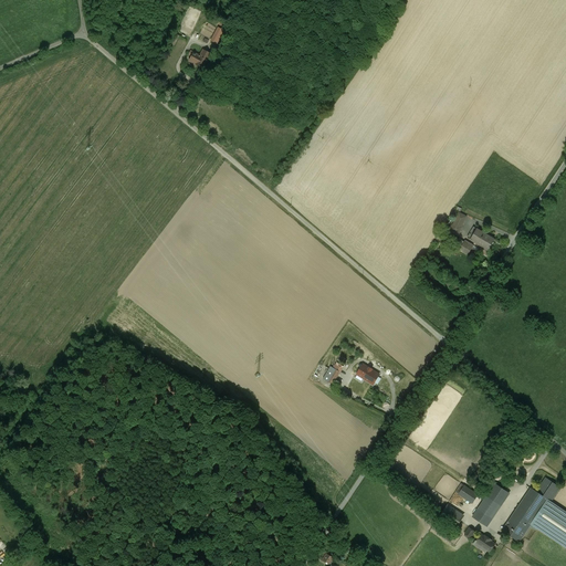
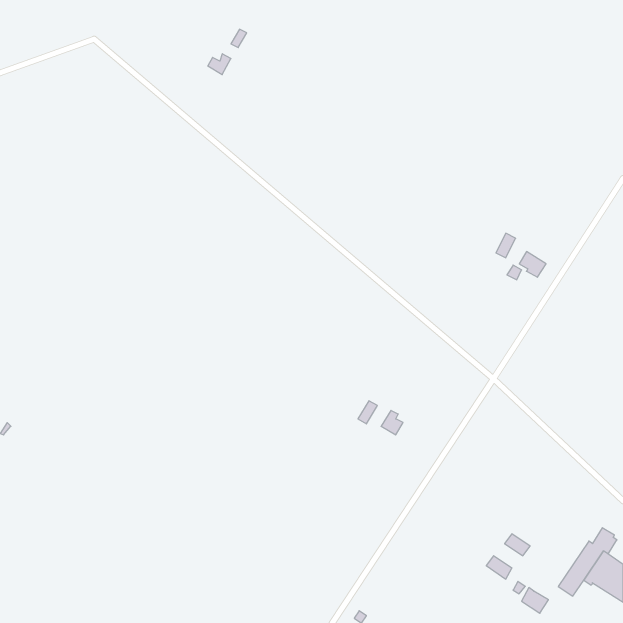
building: [472,483,509,526] -> none

